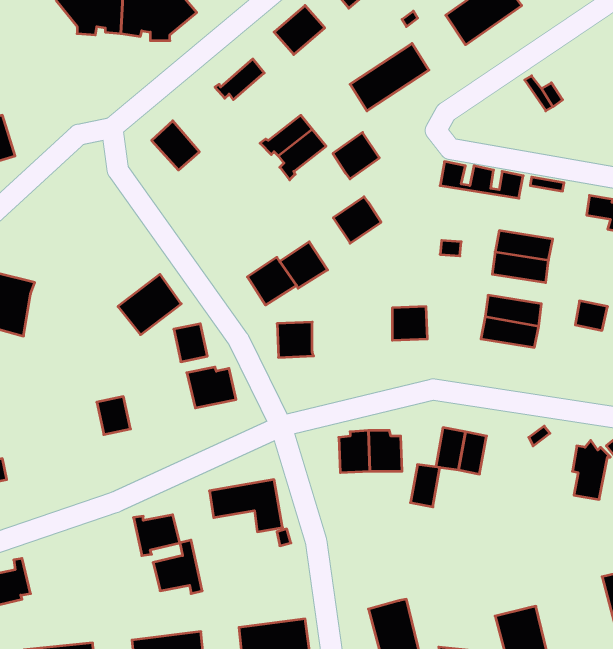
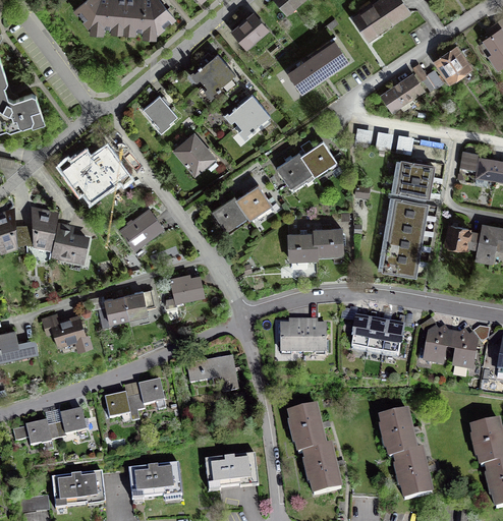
building: none -> [435,45,470,79]
building: none -> [203,62,235,98]
building: none -> [379,74,421,109]
building: [333,132,379,179] -> [300,140,334,174]
building: none -> [178,134,217,175]
building: none -> [61,144,130,199]
building: none -> [395,161,436,182]
building: none -> [387,208,429,229]
building: none -> [50,222,89,265]
building: [277,322,314,357] -> [292,234,319,259]
building: [174,324,207,362] -> [123,292,148,320]
building: none -> [380,254,421,276]
building: none -> [40,315,88,350]
building: none -> [423,325,451,366]
building: [410,465,440,507] -> [381,325,402,355]
building: [153,540,202,594] -> [103,384,138,422]
building: none -> [286,407,323,451]
building: none -> [378,409,416,456]
building: none -> [50,410,87,439]

